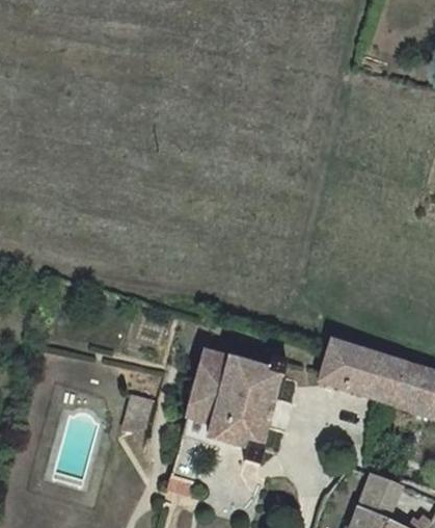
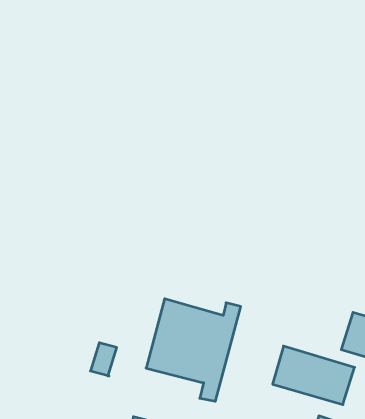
building: [318,340,405,402] -> [273,346,355,405]

